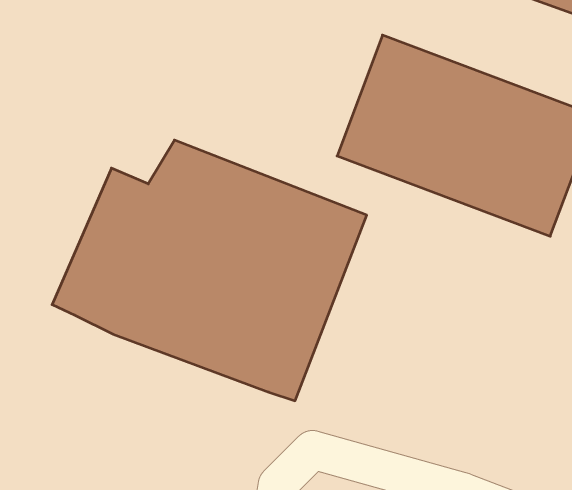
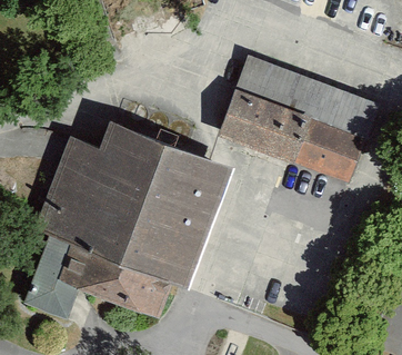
building: none -> [26,235,175,323]

